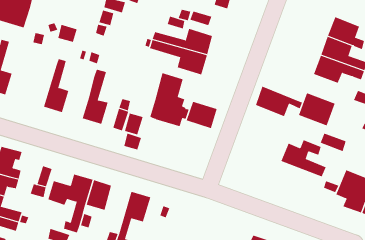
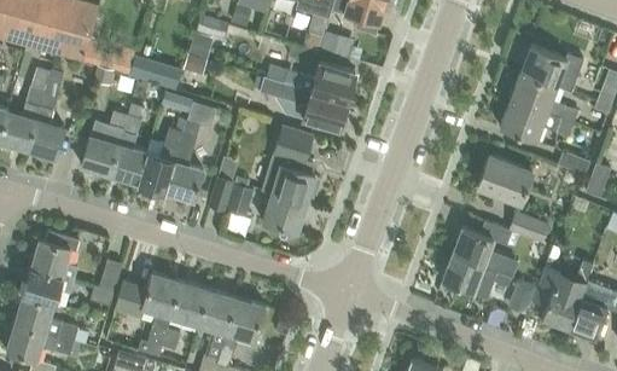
building: none -> [81,111,127,175]
building: none -> [136,120,185,192]
building: [255,86,303,117] -> [442,254,511,298]
building: [186,101,218,129] -> [261,193,307,233]
building: none -> [198,289,235,334]

